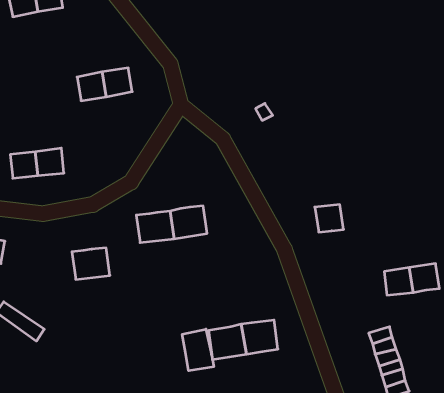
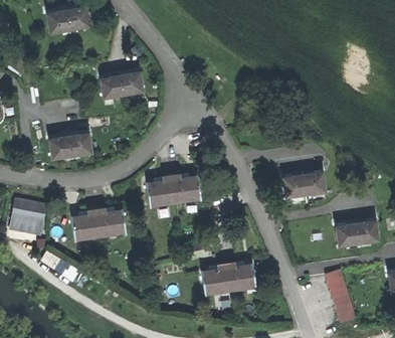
building: none -> [302,173,325,195]
building: none -> [70,212,100,237]
building: [182,329,214,371] -> none

